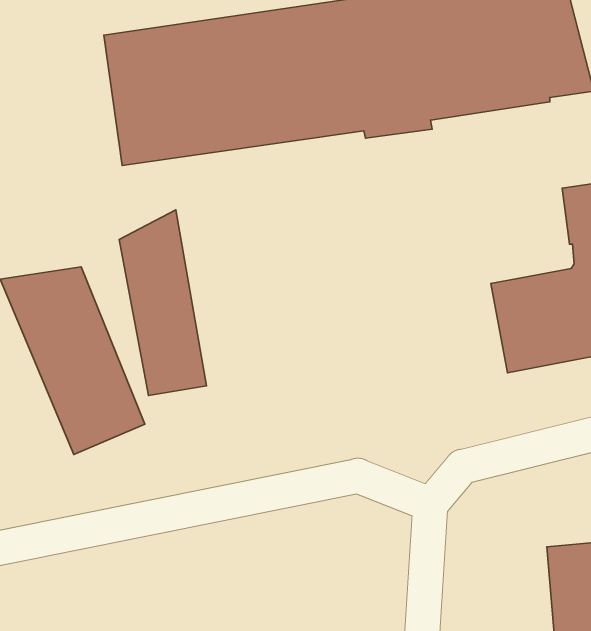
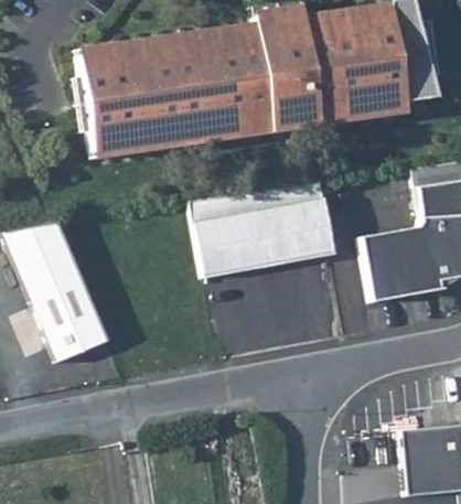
building: none -> [192,183,334,278]
building: [119,210,206,396] -> none

